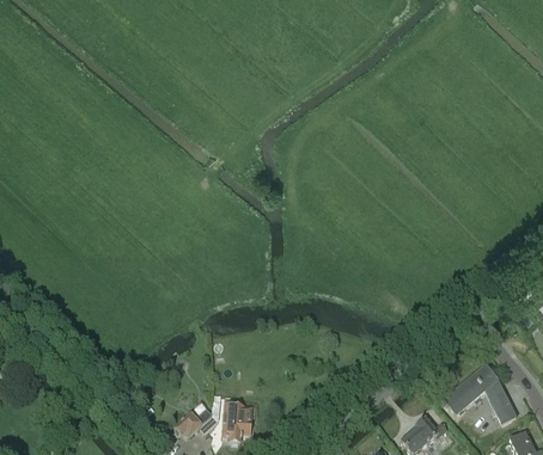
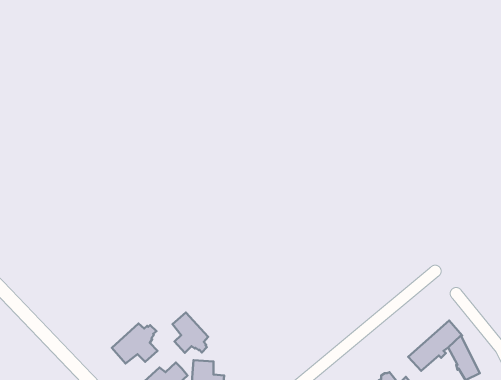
building: none -> [173,313,208,353]
building: none -> [112,323,158,363]

